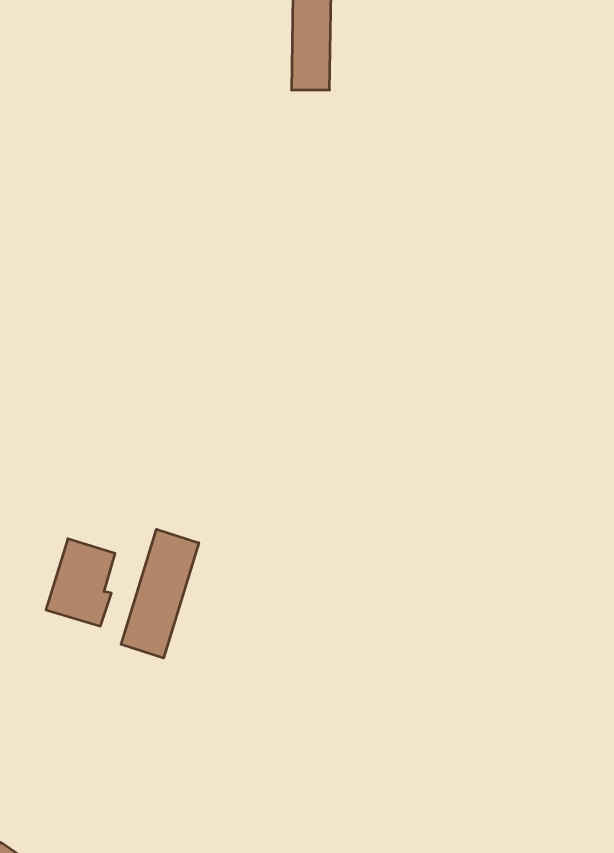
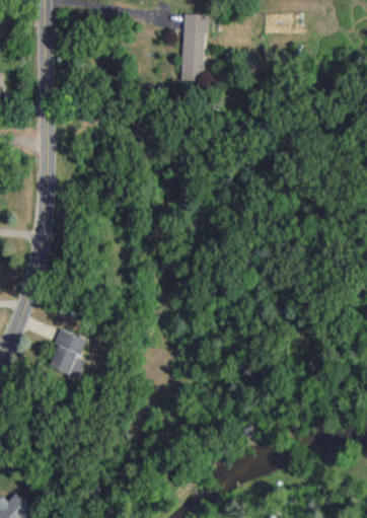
building: [121,529,199,658] -> none

